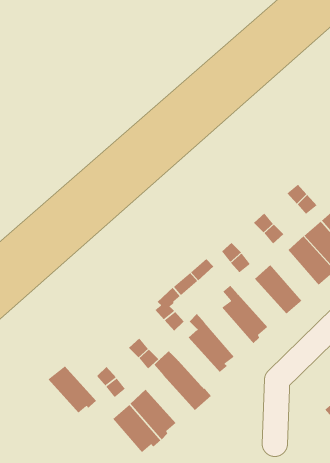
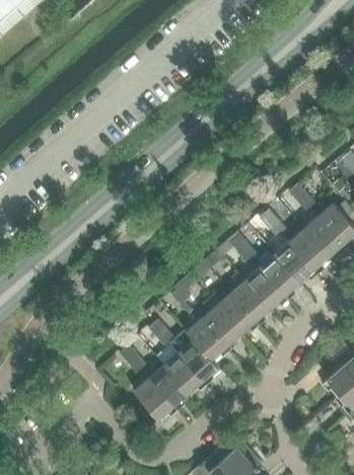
building: none -> [274,241,316,284]
building: none -> [245,266,288,309]
building: none -> [209,291,259,335]
building: none -> [186,318,229,361]
building: [48,365,97,414] -> [163,351,207,394]

